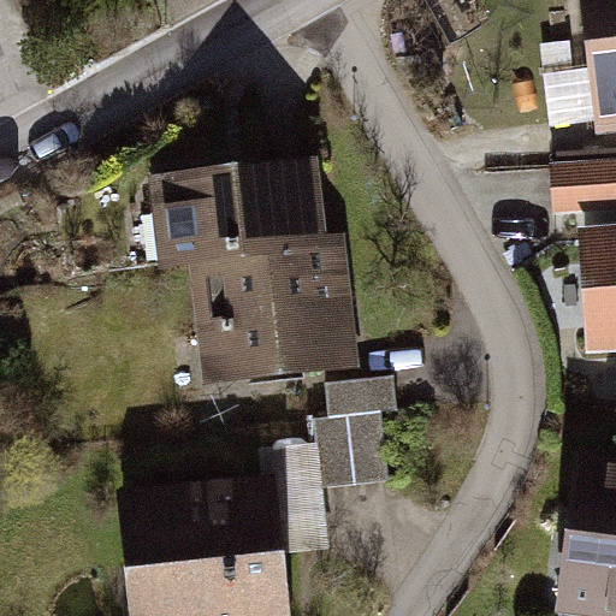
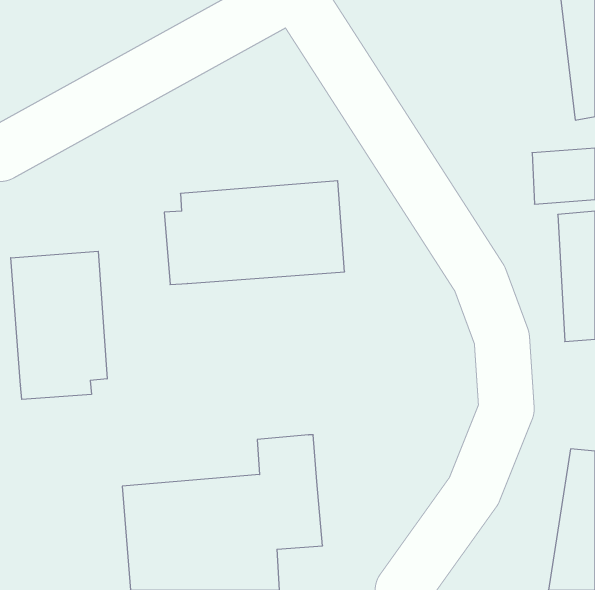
building: none -> [11,251,107,399]
building: [194,280,403,497] -> none

